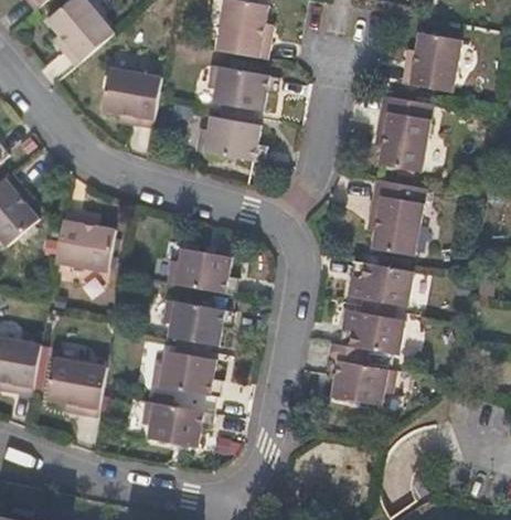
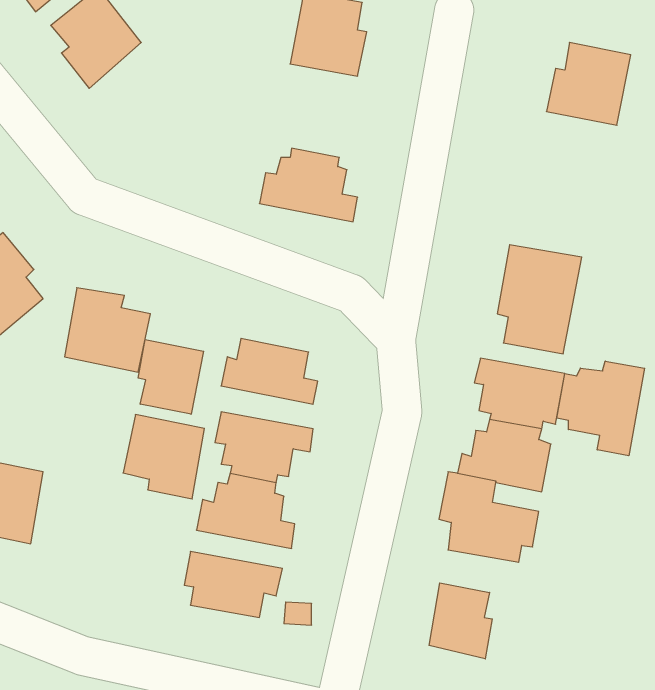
building: [207,64,278,116] -> none
building: [102,67,161,127] -> none
building: [374,94,434,173] -> none
building: none -> [138,340,204,414]
building: none -> [557,361,645,456]
building: [47,355,106,416] -> [123,415,204,499]
building: none -> [429,583,492,659]

